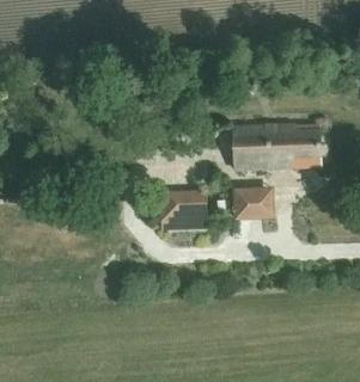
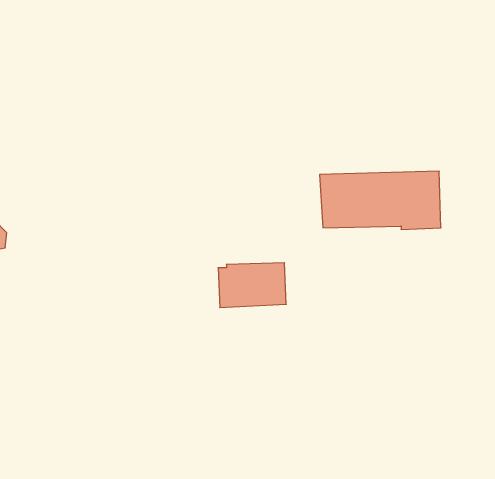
building: [232,187,274,221] -> none

